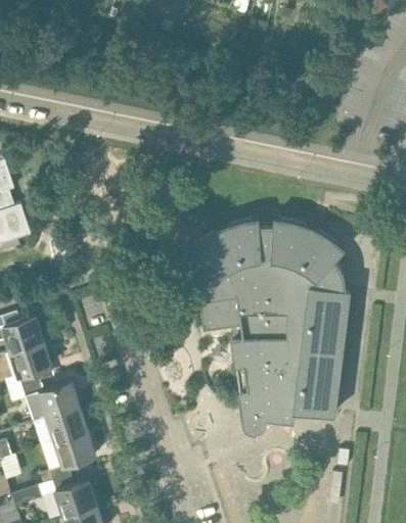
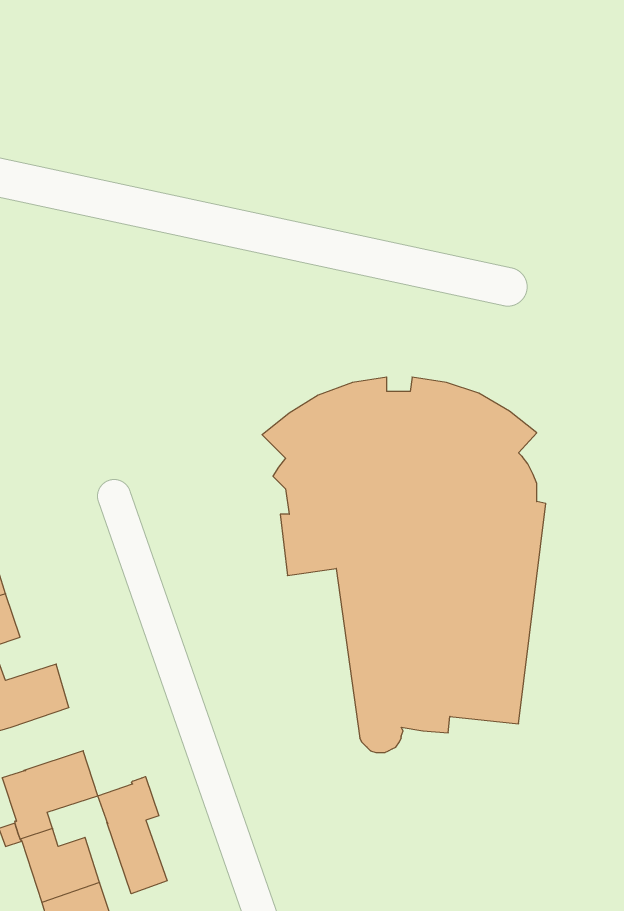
building: [47,407,88,442] -> none
building: none -> [98,777,167,894]

